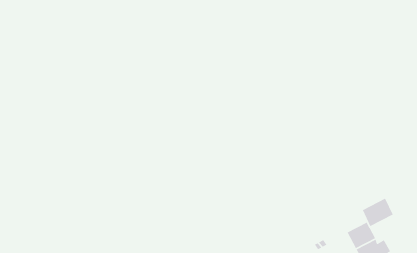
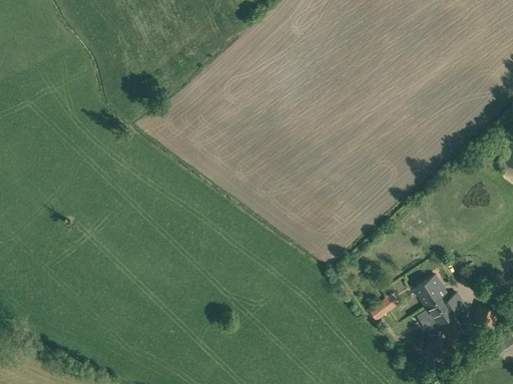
building: [362,198,394,227] -> none

